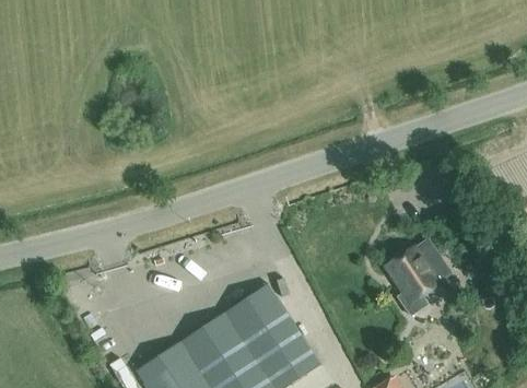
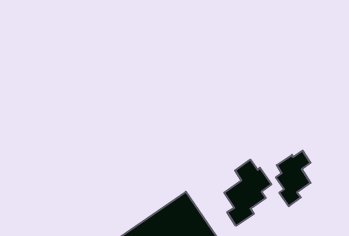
building: none -> [224,160,271,226]

